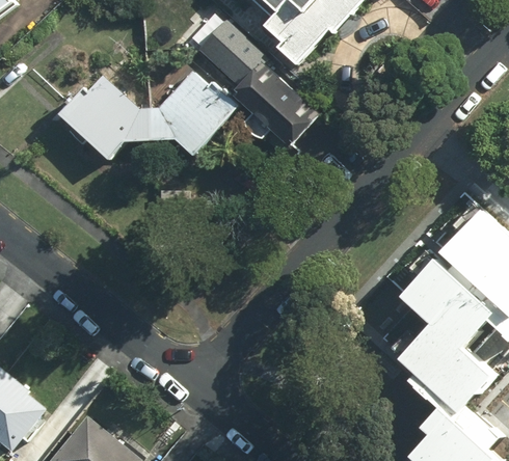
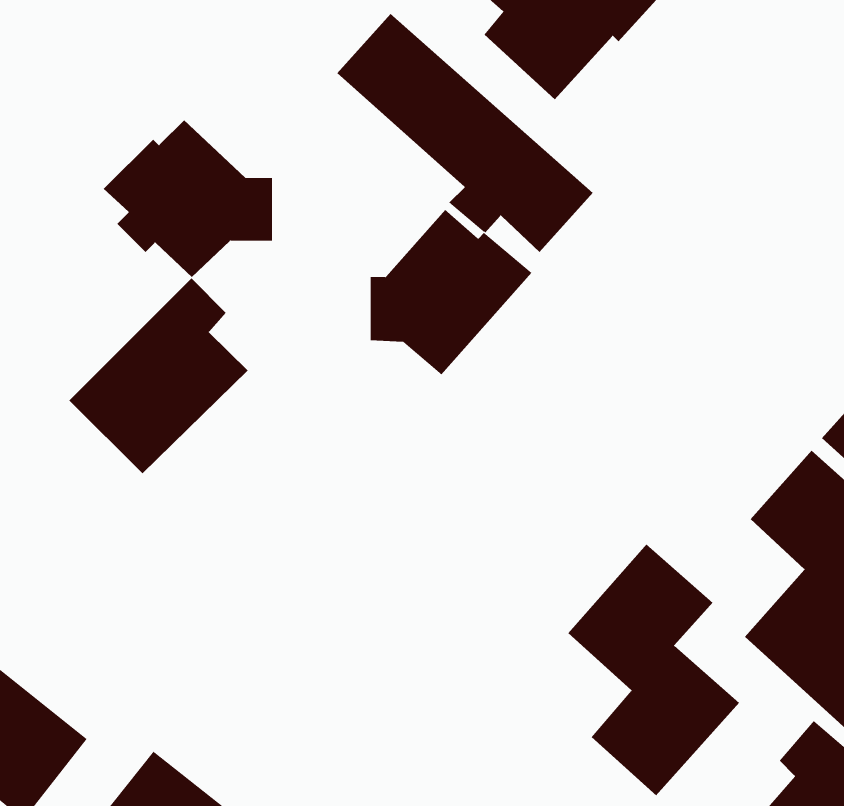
building: [150,70,237,159] -> [370,209,532,375]
building: none -> [69,278,248,474]
building: none -> [568,544,740,796]

